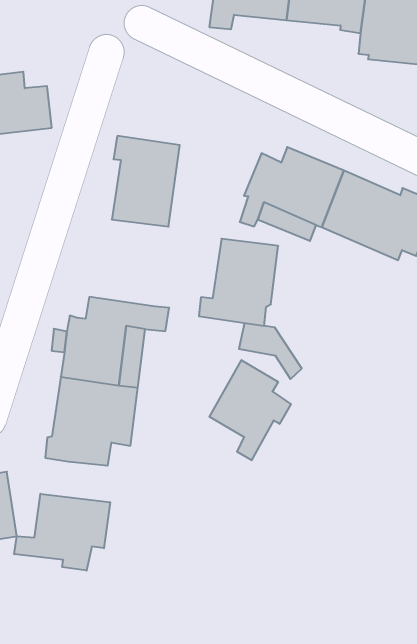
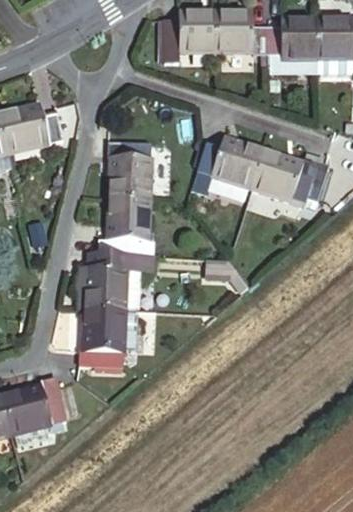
building: [199,239,278,326] -> [99,198,148,254]
building: [209,360,291,460] -> none
building: [14,494,110,571] -> none

